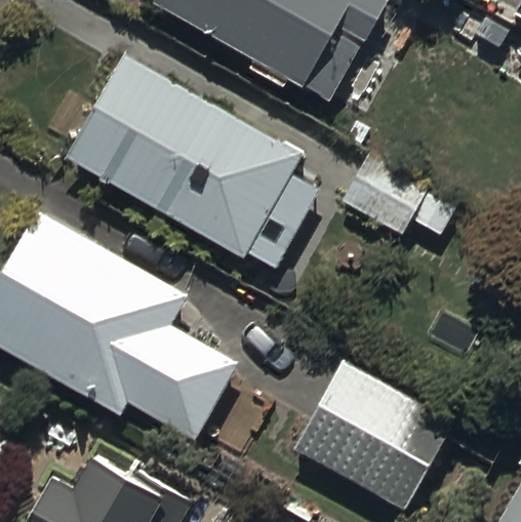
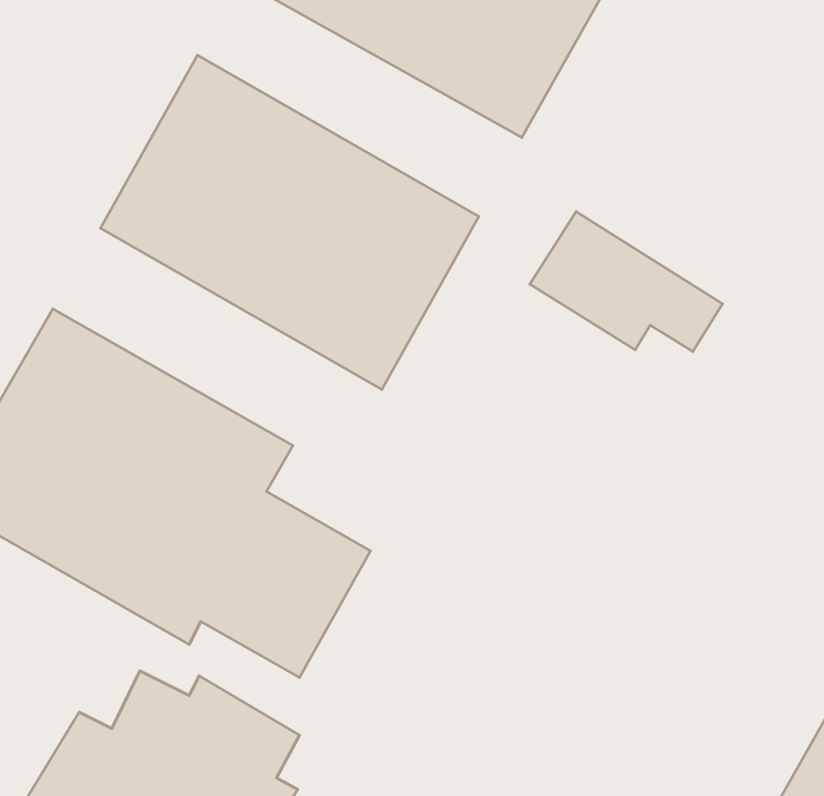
building: [295,360,450,509] -> none

